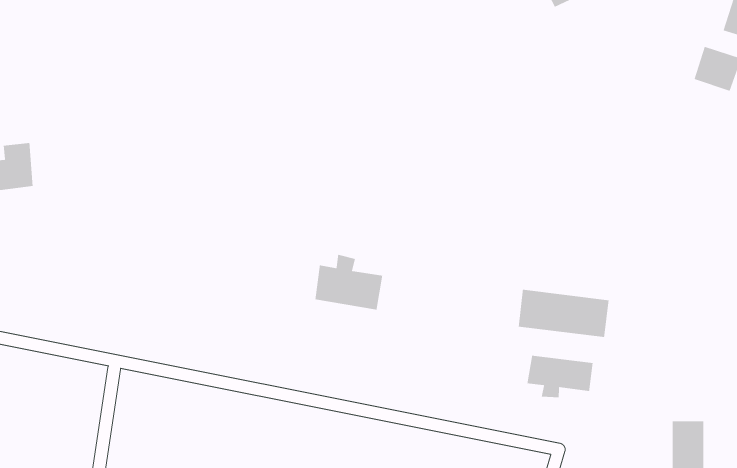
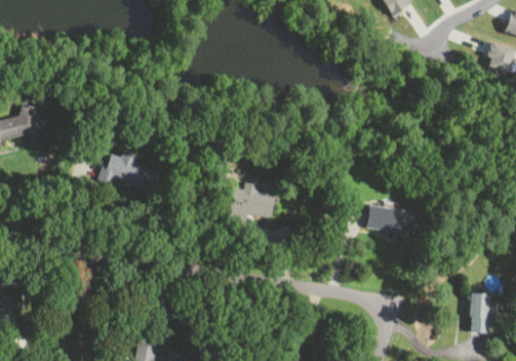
building: none -> [100,151,156,193]
building: [527,355,593,398] -> none

